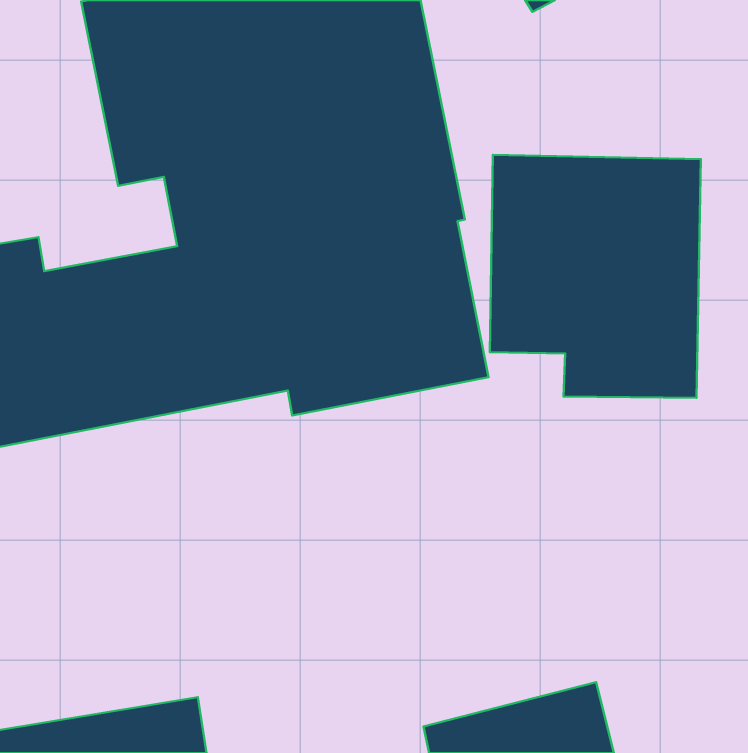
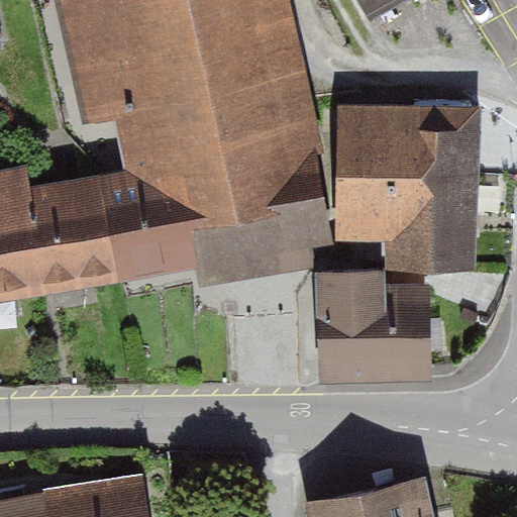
building: none -> [313,271,433,385]

